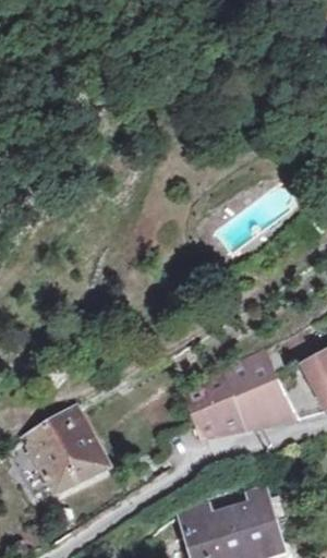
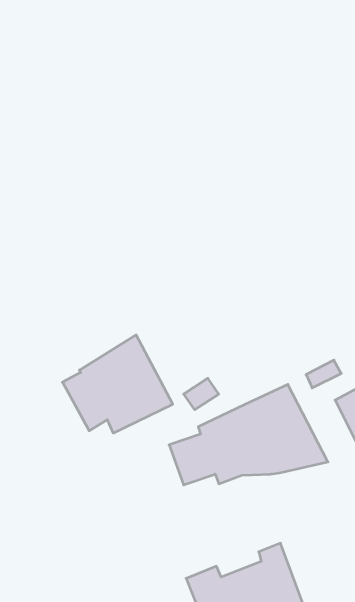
building: [12,407,111,495] -> [62,335,173,433]

